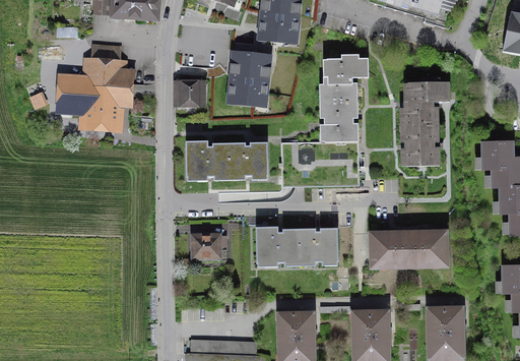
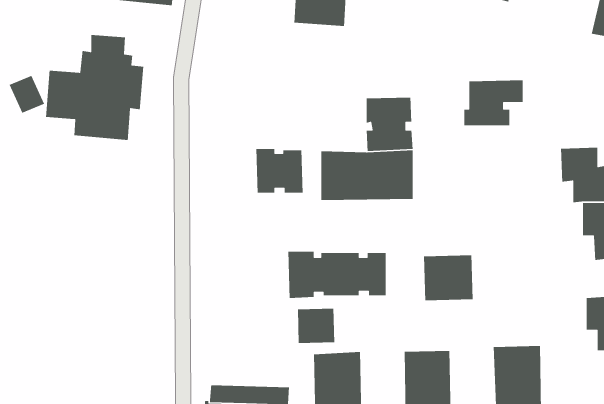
building: [225,50,273,106] -> none
building: [319,57,369,99] -> none
building: [181,81,206,106] -> none
building: [401,122,440,168] -> none
building: [186,139,230,180] -> none
building: [408,228,449,266] -> none
building: [193,234,224,261] -> none
building: none -> [297,308,335,344]

